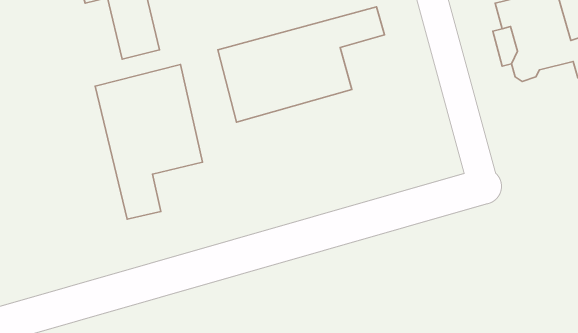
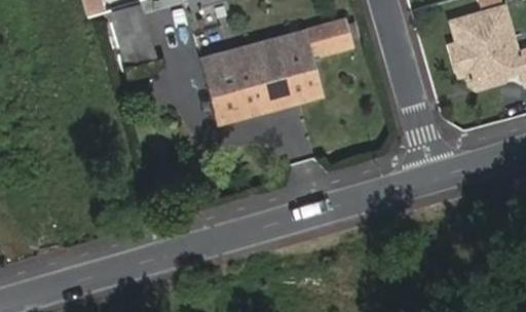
building: [95,65,202,219] -> none

